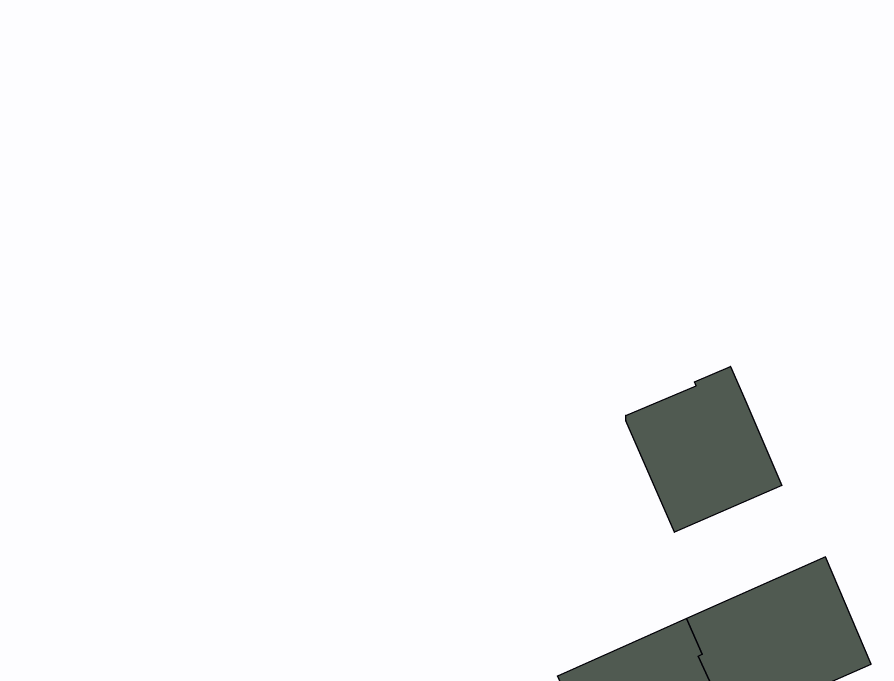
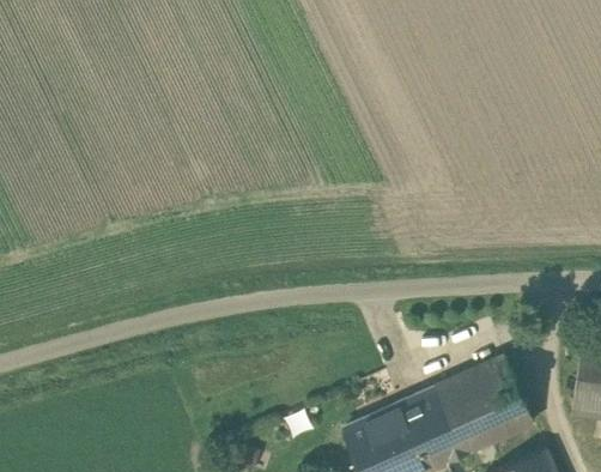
building: [626,366,782,532] -> none

